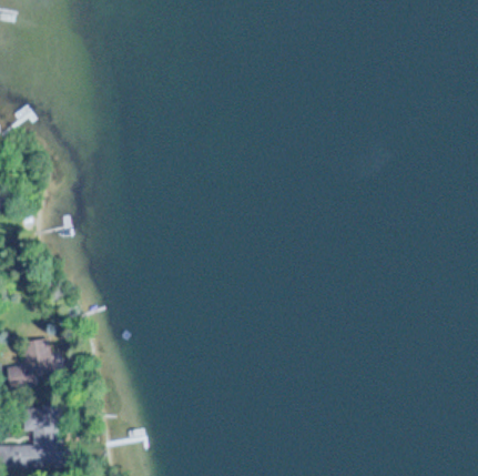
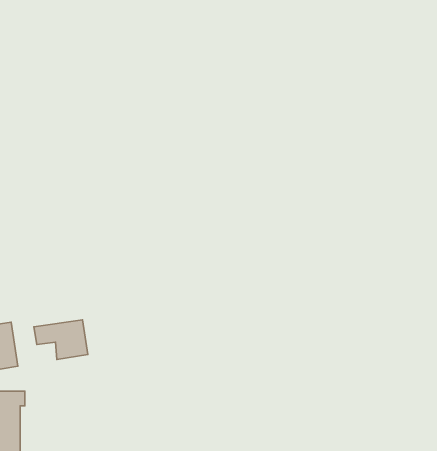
building: none -> [34,320,88,359]

